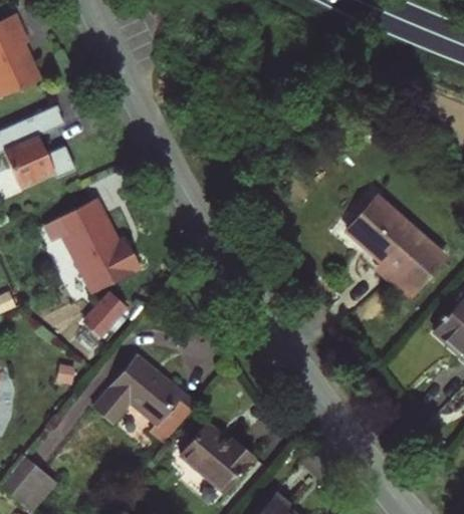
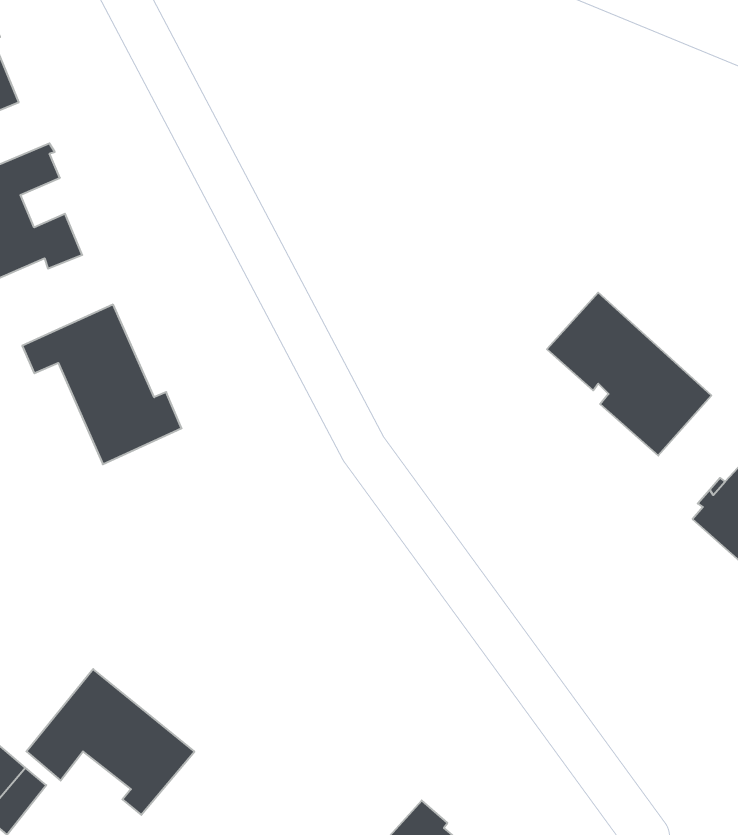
building: [89,293,125,338] -> none
building: [95,355,194,441] -> [26,669,194,815]
building: [179,423,253,493] -> none

